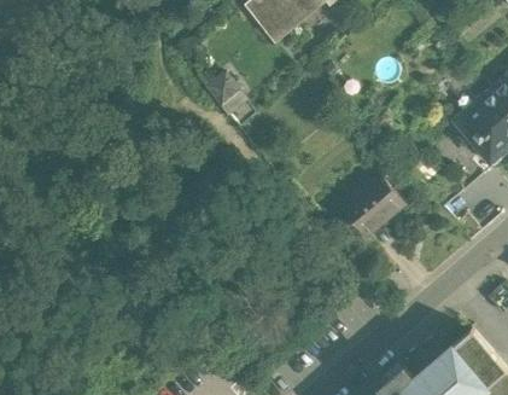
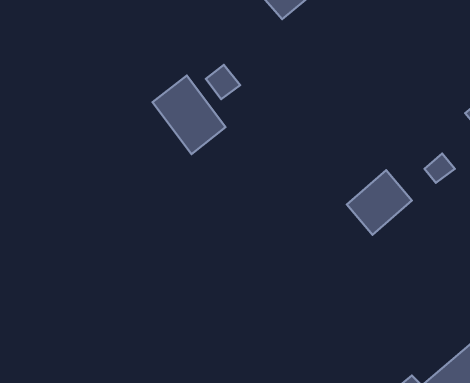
building: none -> [153,75,226,154]

